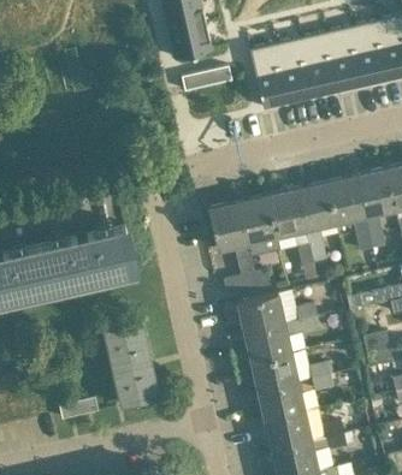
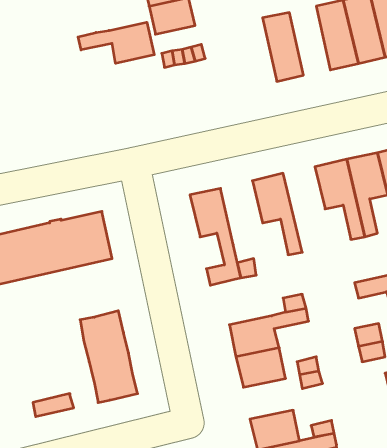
building: [301,32,339,97] -> none
building: [249,43,289,109] -> none
building: none -> [78,22,154,63]
building: [295,184,335,265] -> none
building: [236,197,279,257] -> none
building: [237,293,284,333] -> none
building: [258,384,305,422] -> none

